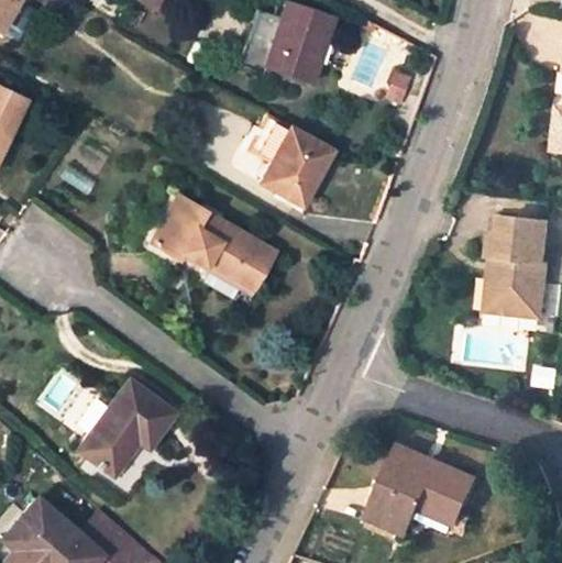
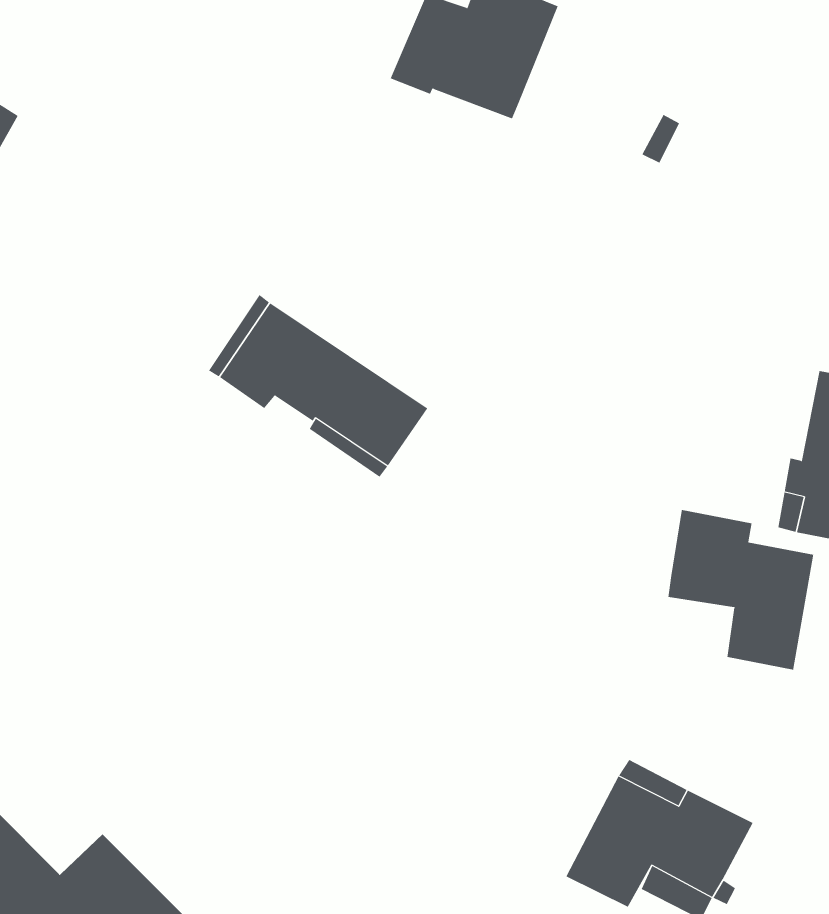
building: [252,114,333,205] -> none
building: none -> [668,509,814,671]
building: [78,380,175,475] -> none

